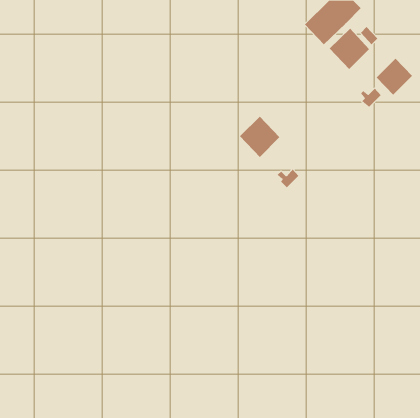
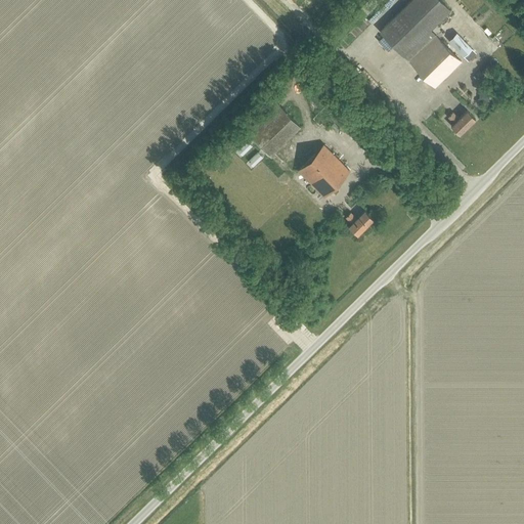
building: [376,58,413,96] -> none
building: none -> [245,102,300,157]

